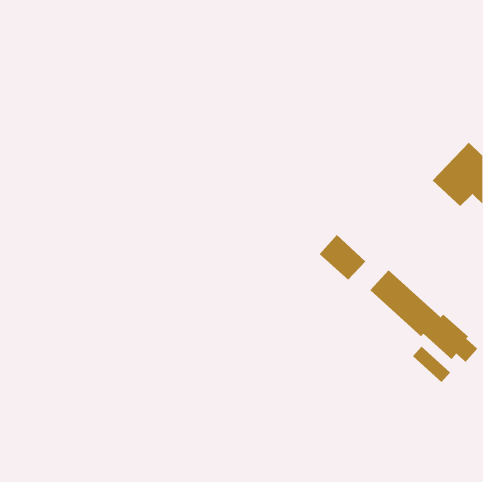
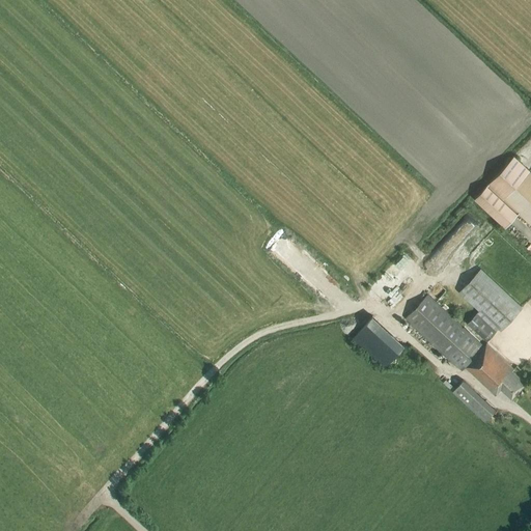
building: [319,234,366,281] -> [353,316,404,367]
building: none -> [460,272,521,342]

